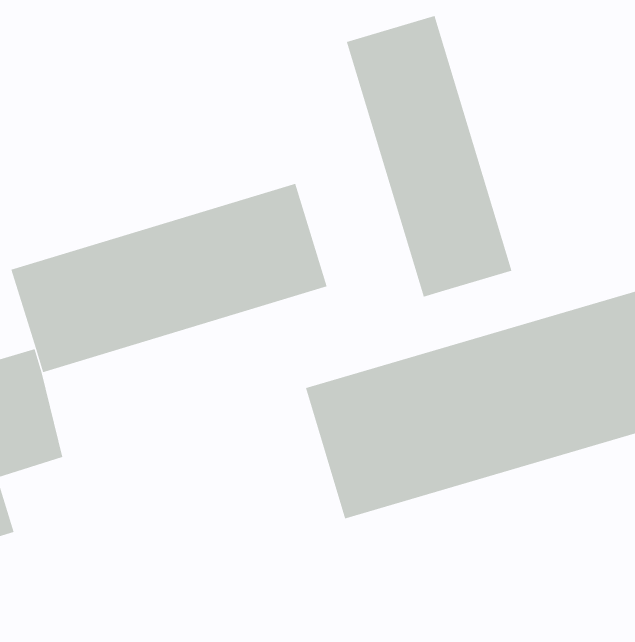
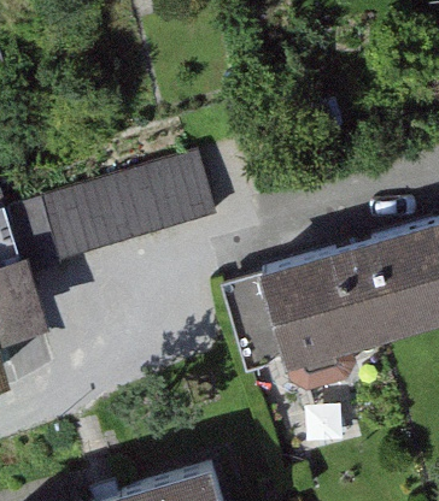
building: [346,15,512,297] -> none

